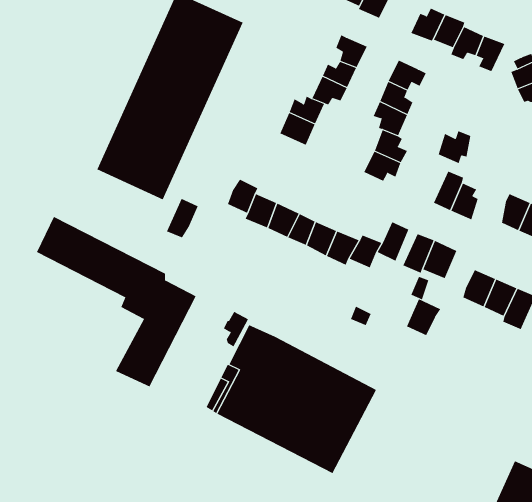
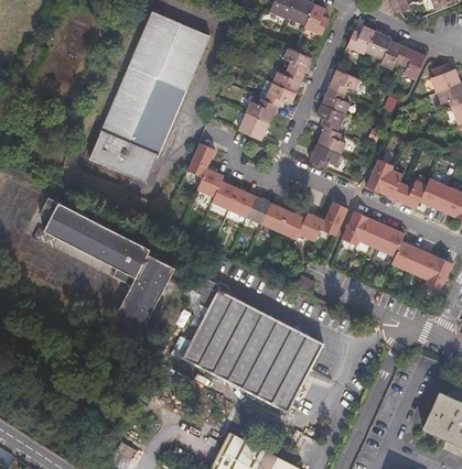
building: [438,130,471,164] -> [399,181,427,208]
building: [166,198,198,238] -> [189,142,215,175]
building: [406,299,441,336] -> [377,226,406,257]

